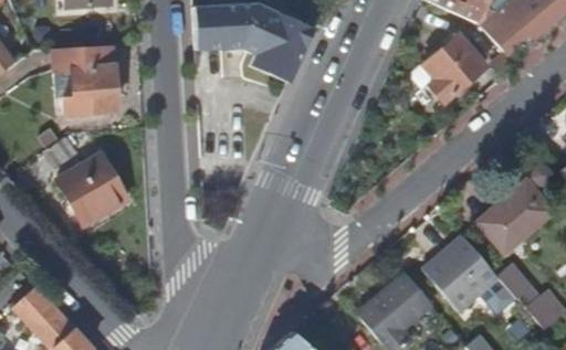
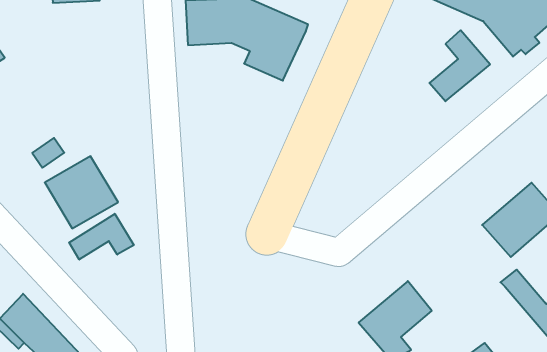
building: [53,45,116,114] -> none
building: none -> [69,214,134,260]
building: [424,236,502,314] -> none

